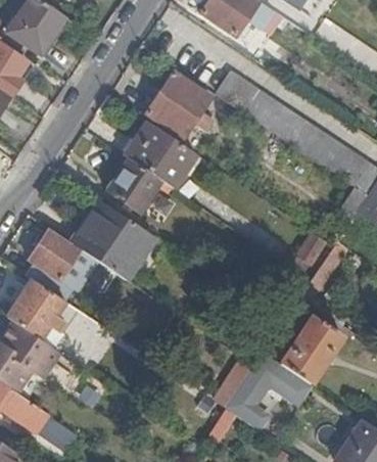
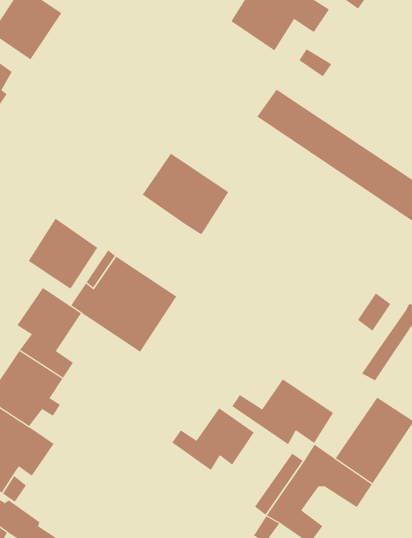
building: [146,72,213,138] -> none
building: [106,156,161,213] -> [28,218,98,289]
building: none -> [231,379,334,445]
building: none -> [171,408,255,471]

